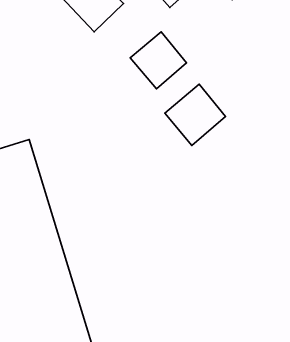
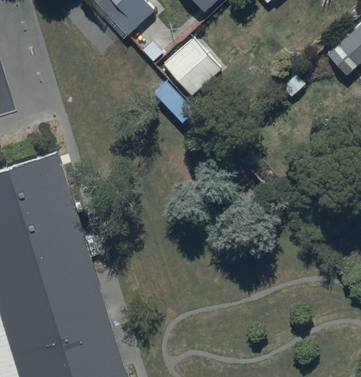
building: [165,84,225,146] -> none

